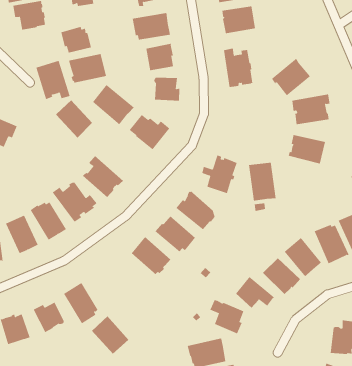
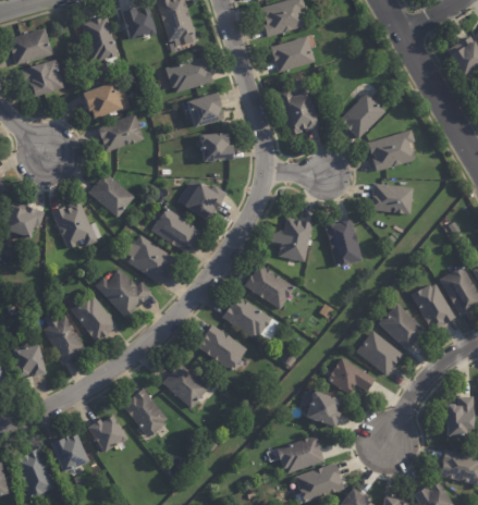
building: [36,60,71,100] -> [52,200,98,249]
building: [92,84,134,125] -> [151,207,203,254]
building: [91,315,129,355] -> [162,362,209,408]

